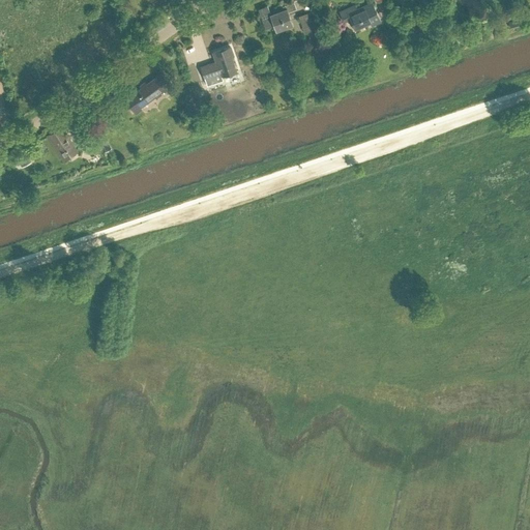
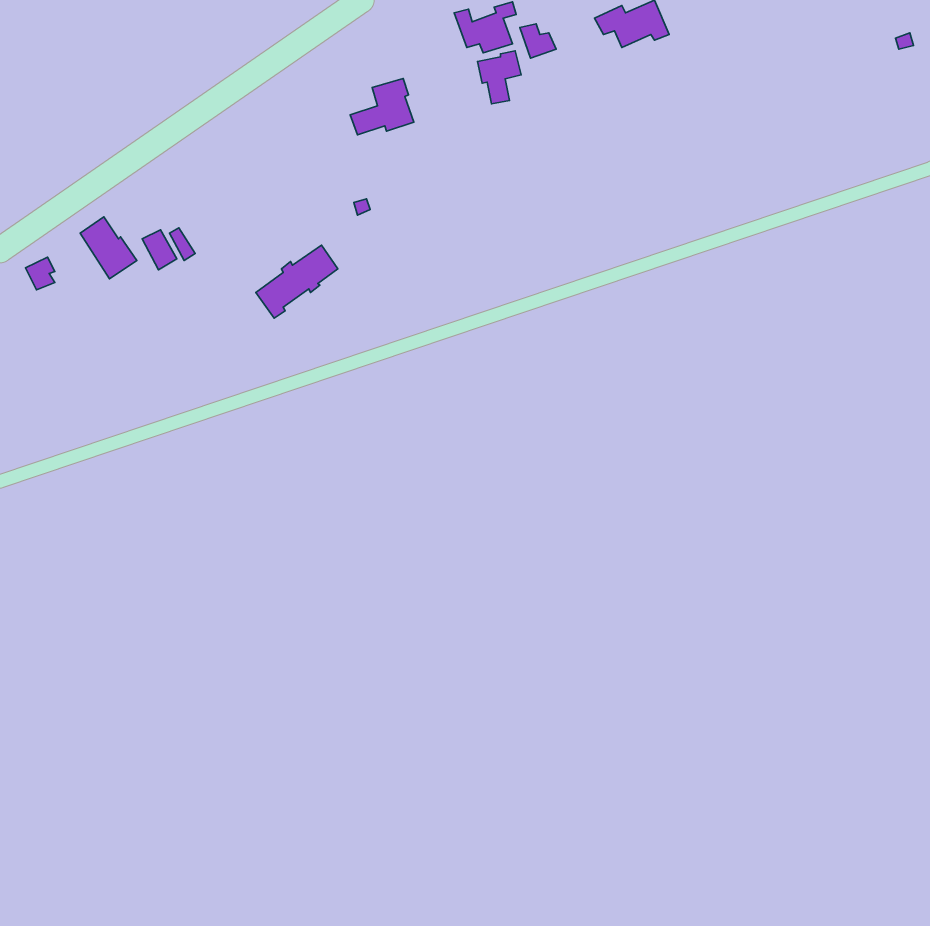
building: none -> [478,51,521,104]
building: [125,75,172,116] -> [256,245,338,318]

